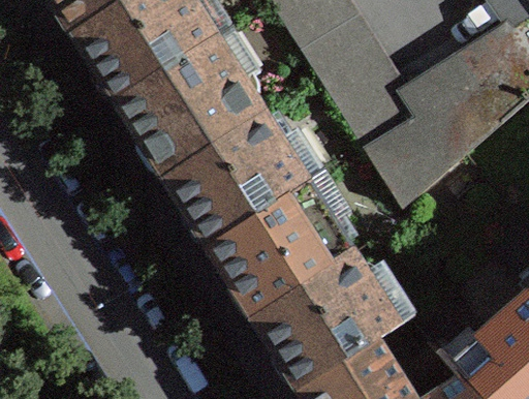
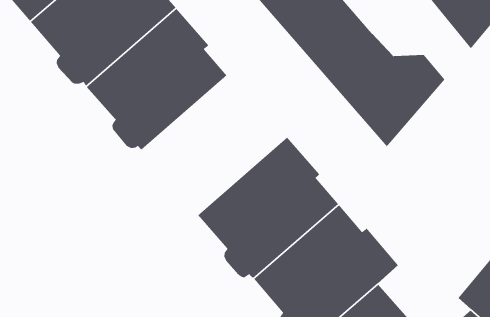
building: [165,112,310,244] -> none

